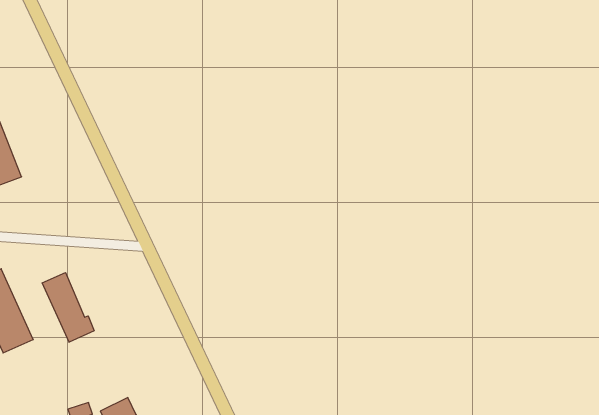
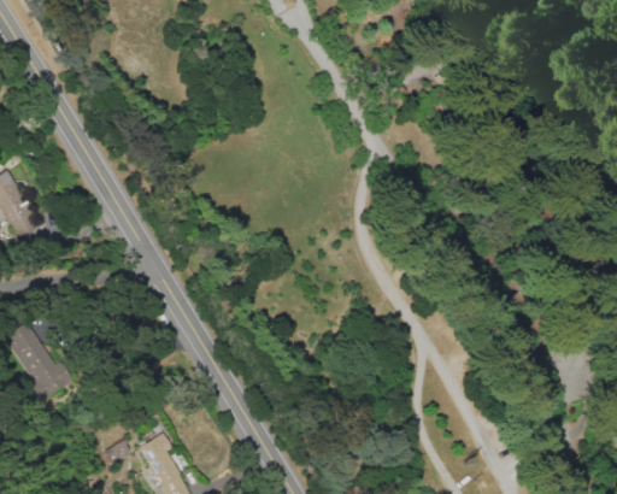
building: [42,273,94,342] -> none

